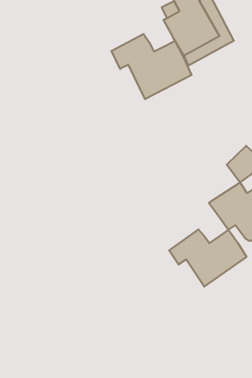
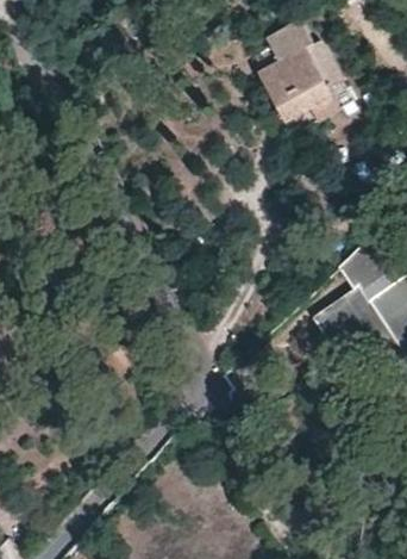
building: [111,34,192,99] -> none
building: [169,229,246,287] -> none

